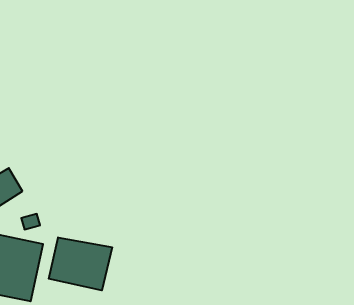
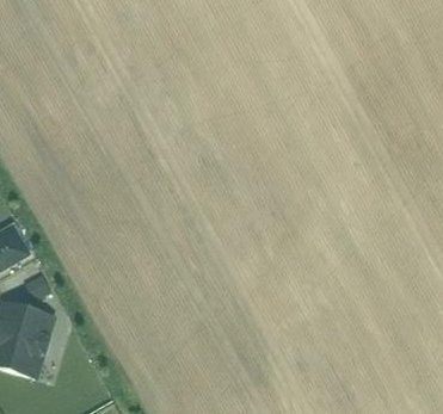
building: [49,237,112,290] -> none

